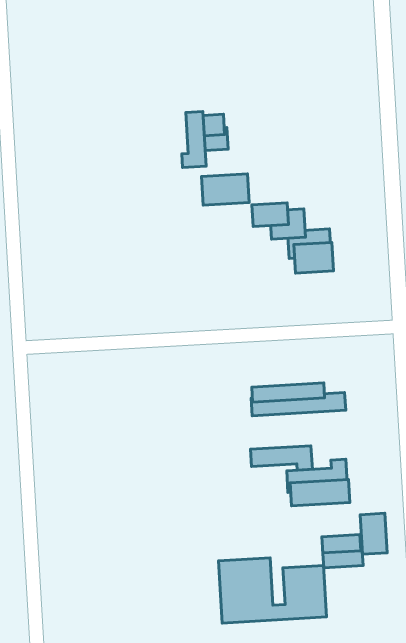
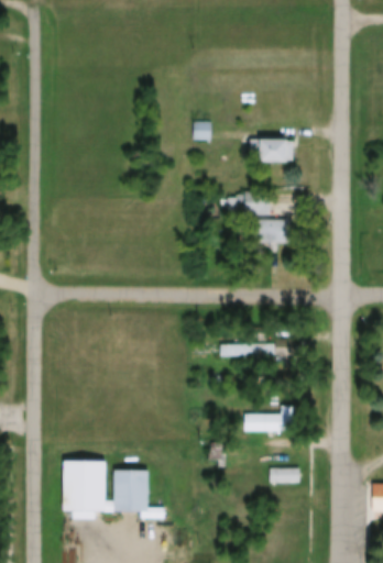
building: [182,112,206,168] -> none
building: [201,174,249,205] -> [254,139,292,162]
building: [251,446,312,470] -> none
building: [360,513,387,554] -> none
building: [218,558,327,623] -> [61,460,145,510]

